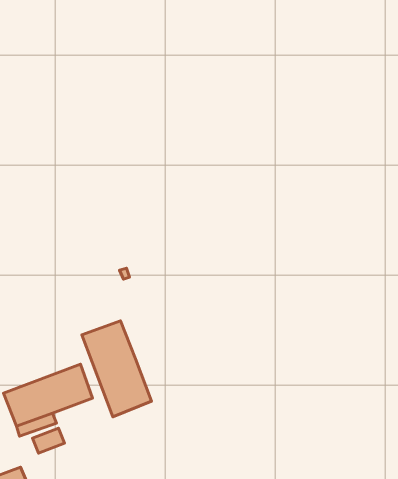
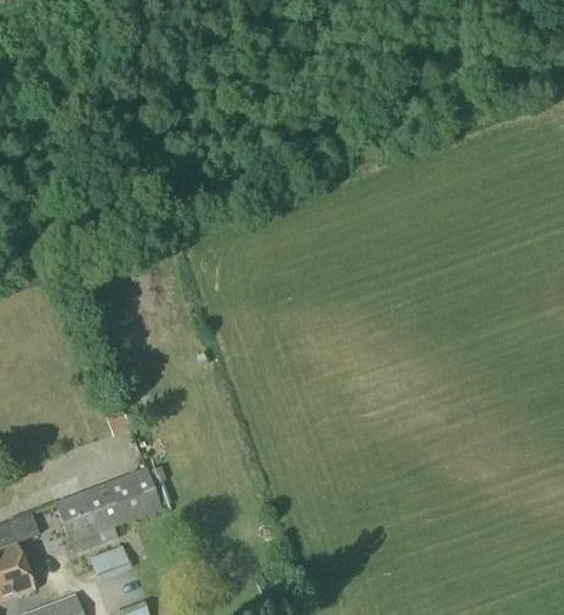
building: [82,321,151,417] -> none

